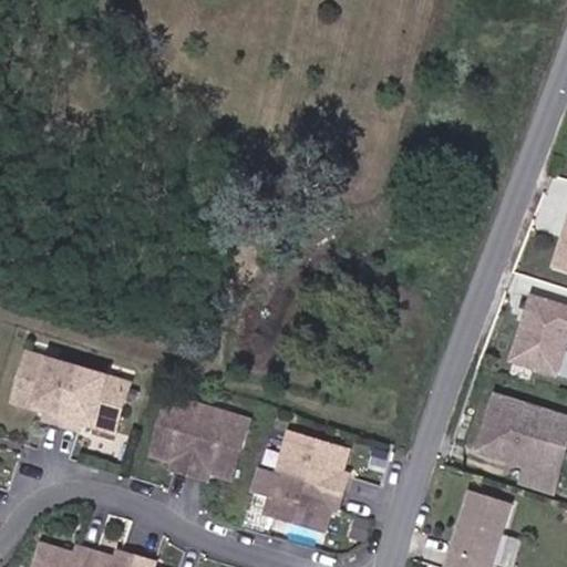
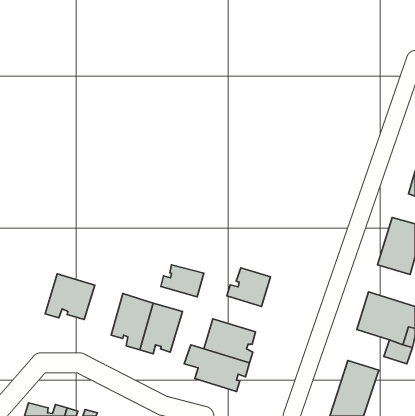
building: [13,357,78,425] -> none
building: none -> [161,265,204,297]
building: none -> [227,268,271,306]

